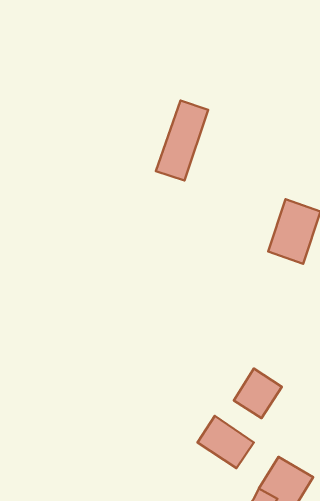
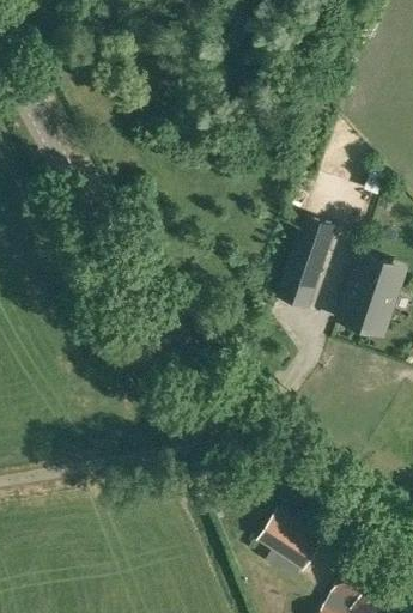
building: [156,101,208,181] -> [275,220,336,314]
building: [234,368,282,418] -> none

